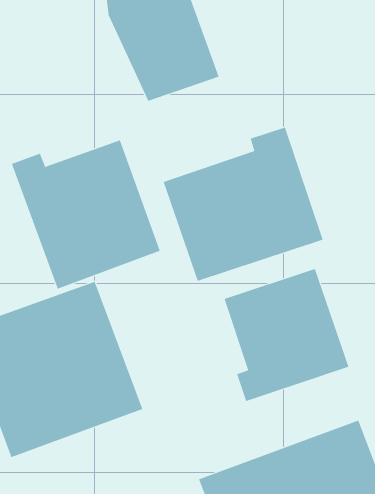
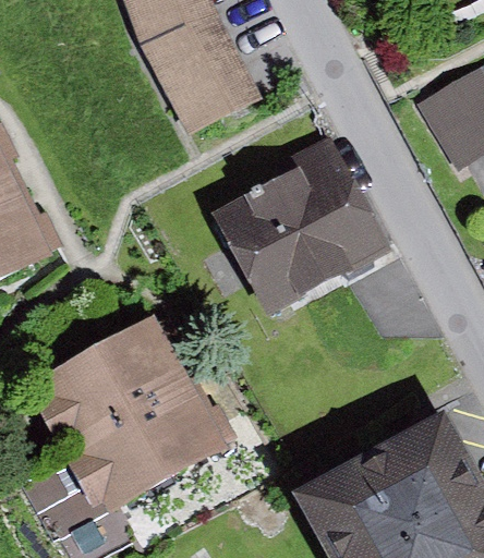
building: [11,140,160,290] -> none
building: [224,268,349,402] -> none

